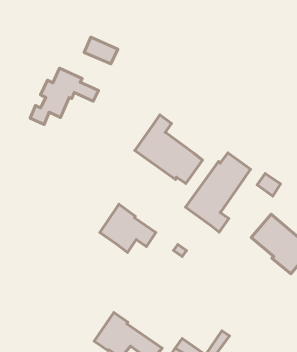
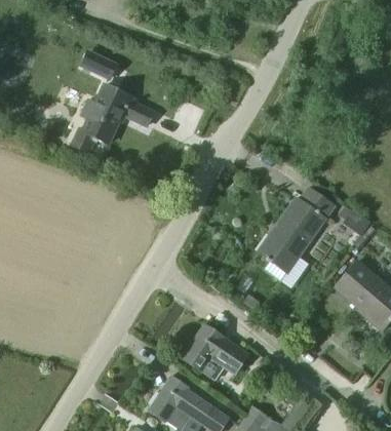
building: [84,37,118,64] -> [78,49,118,81]
building: [135,115,203,184] -> none
building: [100,204,156,252] -> [182,324,248,382]

